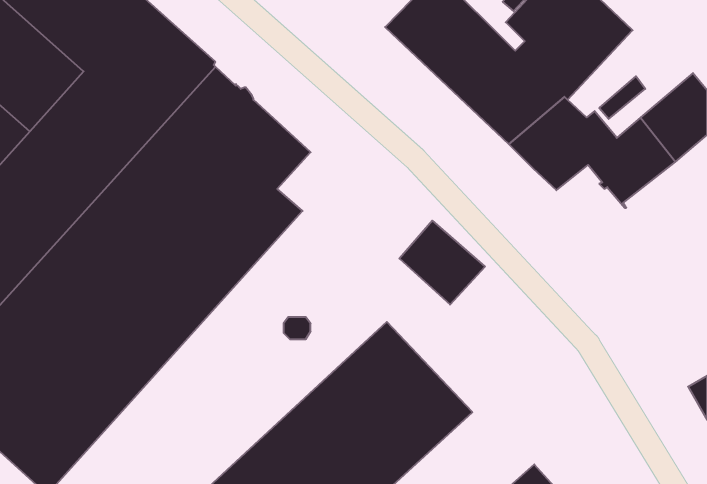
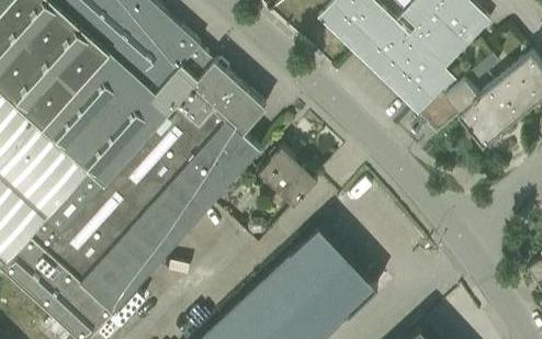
building: [399,221,485,305] -> [259,148,318,206]

